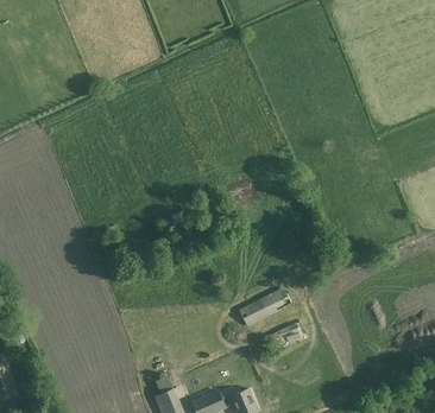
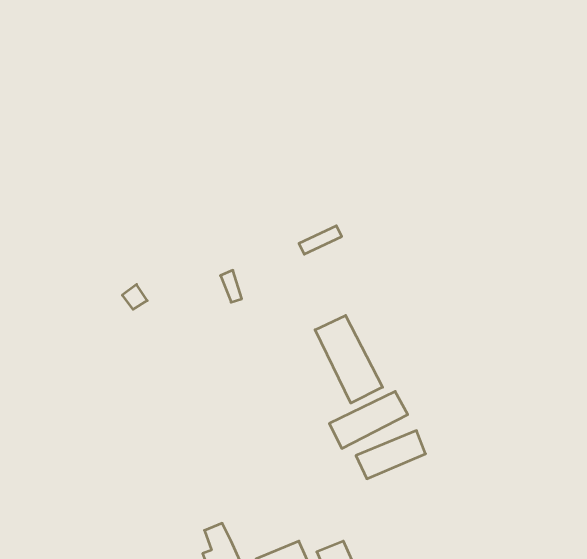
building: none -> [315,315,383,403]

